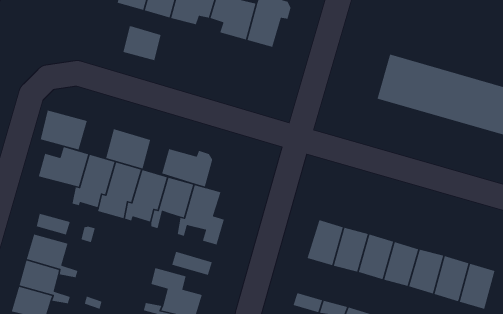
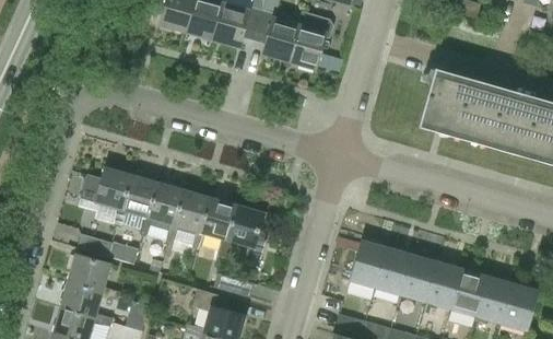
building: [122,26,162,61] -> none
building: [40,110,88,150] -> none
building: [105,129,151,169] -> none
building: [161,148,213,187] -> none

